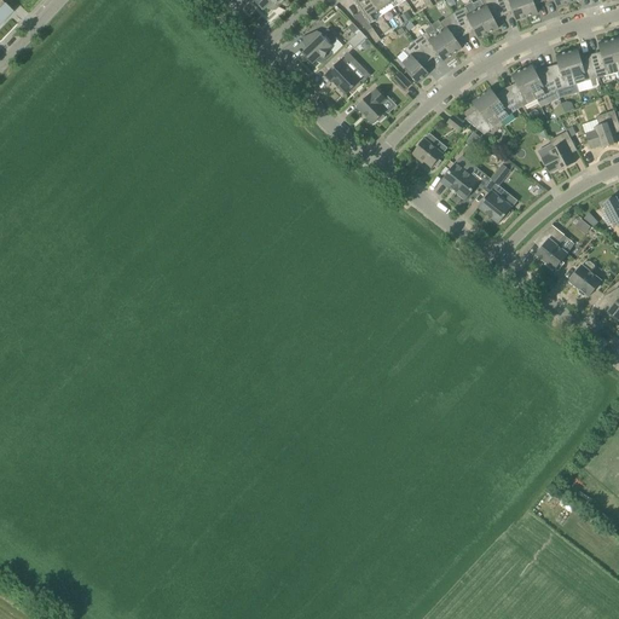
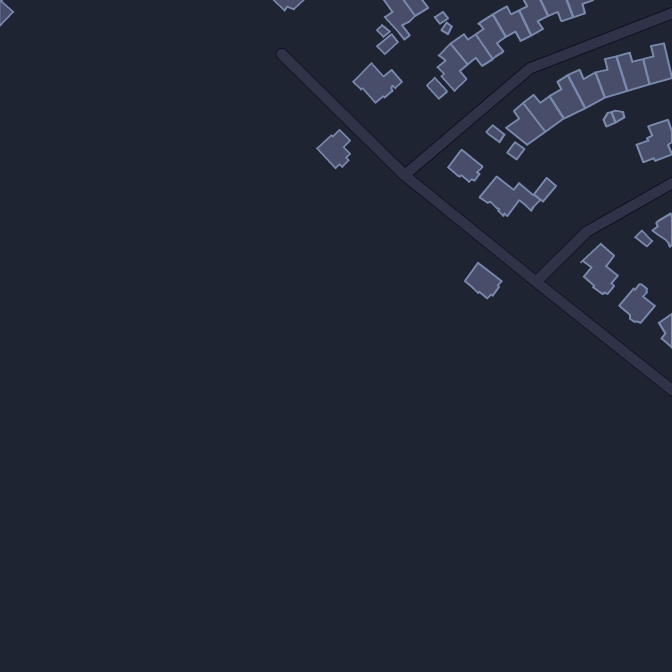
building: [301,28,337,63] -> none
building: [355,88,386,123] -> [317,130,350,168]
building: [540,131,574,173] -> none
building: [478,190,511,222] -> [465,263,502,298]

